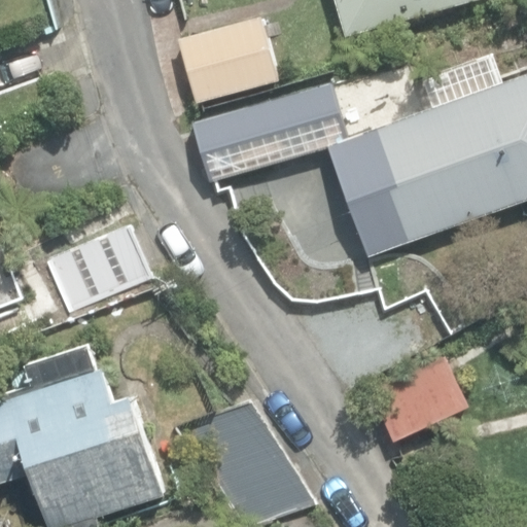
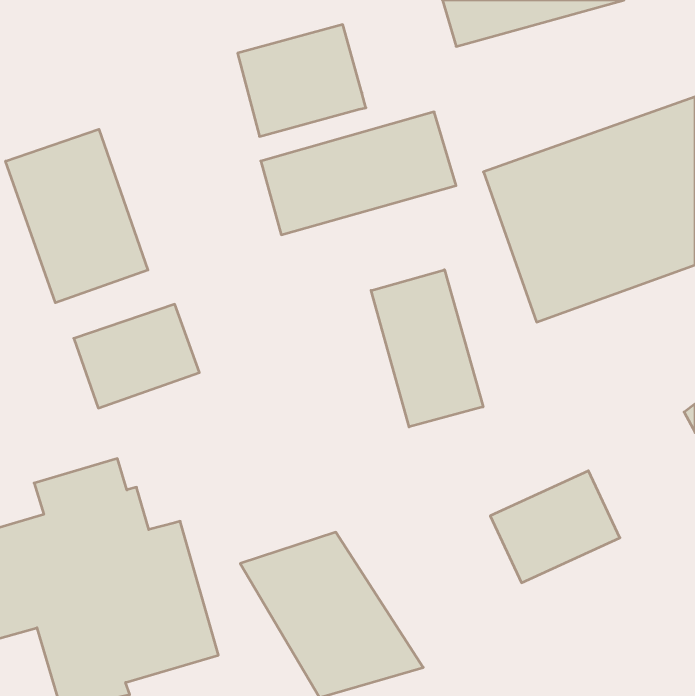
building: none -> [6,129,148,303]
building: none -> [371,270,483,427]

